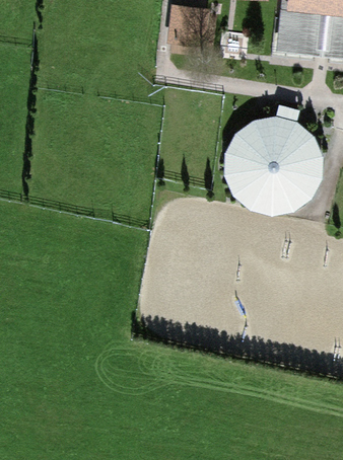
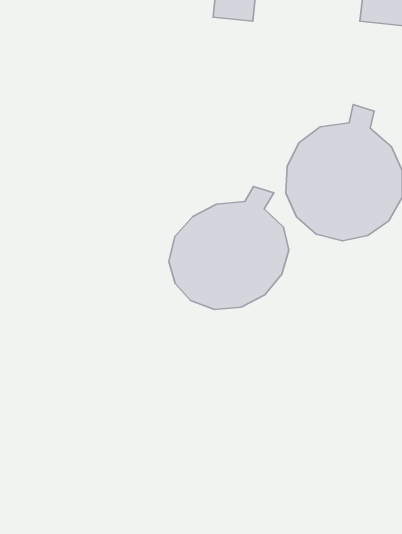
building: none -> [169,187,289,310]

